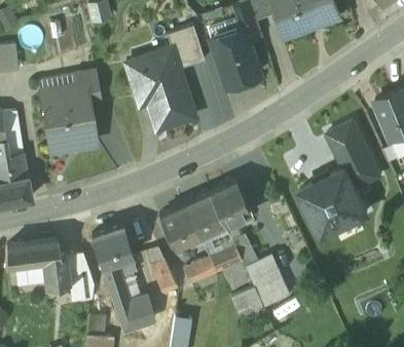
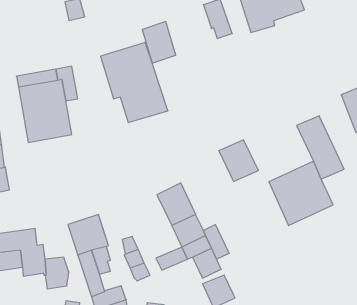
building: [211,31,259,85] -> none
building: [209,181,250,224] -> [219,140,258,181]
building: [157,204,199,247] -> none
building: [246,259,289,307] -> none

